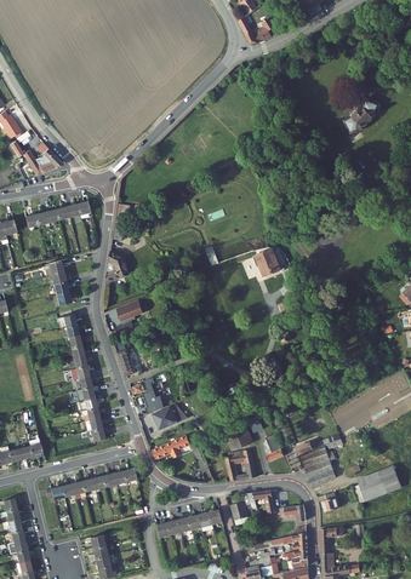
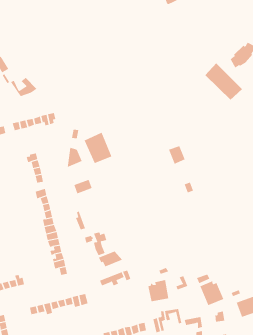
building: none -> [205,62,243,100]
building: none -> [84,132,112,164]

